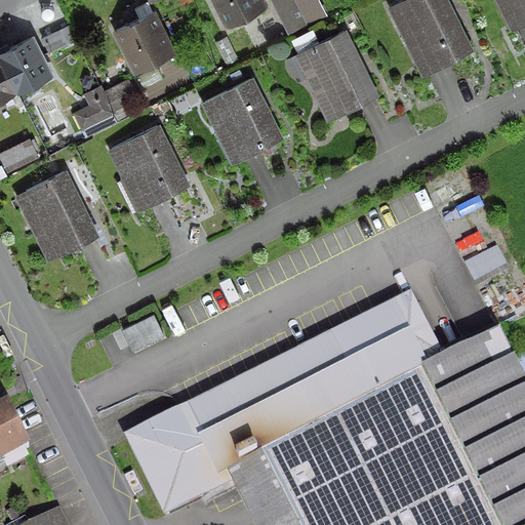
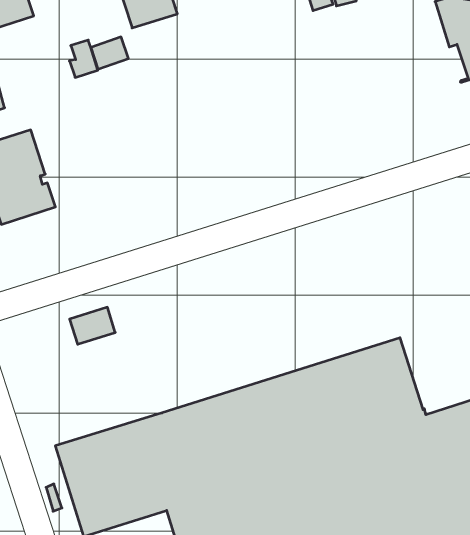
building: [292,31,374,118] -> none
building: [204,79,279,162] -> none
building: [111,126,186,210] -> none

